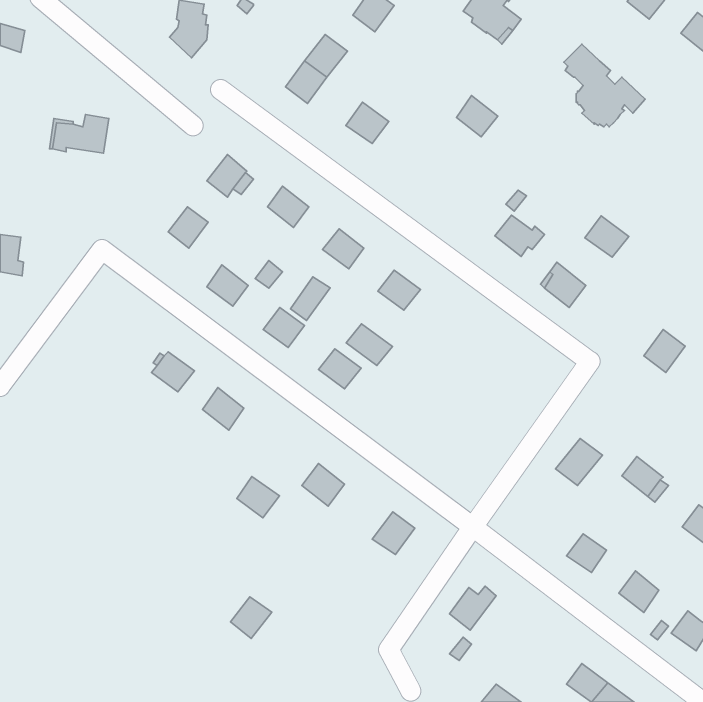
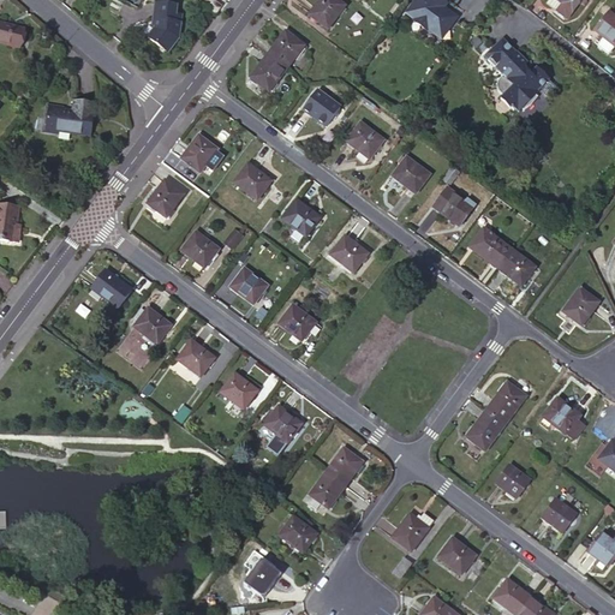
building: [457,96,498,137] -> [347,121,383,157]
building: none -> [392,156,429,193]
building: [585,216,629,257] -> [497,249,536,285]
building: [290,277,330,321] -> none
building: none -> [91,267,132,305]
building: [346,324,392,365] -> none
building: none -> [466,408,504,449]
building: [237,476,280,518] -> [221,371,258,407]
building: none -> [310,470,346,507]
building: none -> [280,514,317,550]
building: [231,597,272,638] -> [245,559,281,595]
building: none -> [440,536,476,572]

